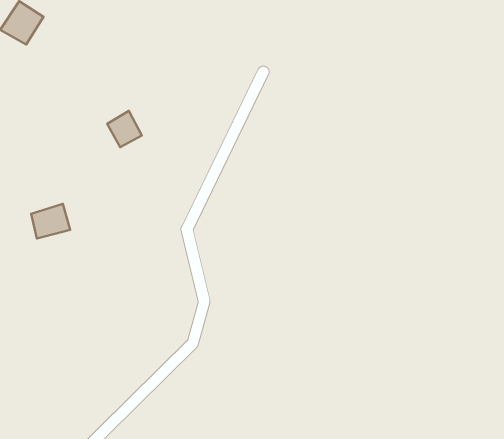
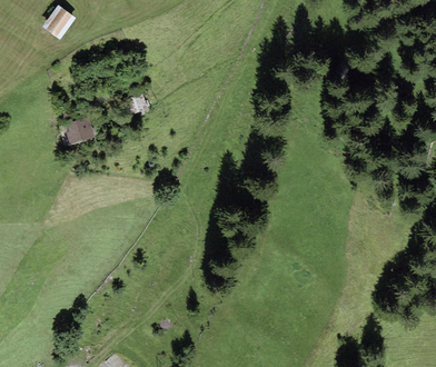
building: [31,204,70,238] -> [63,117,93,143]

